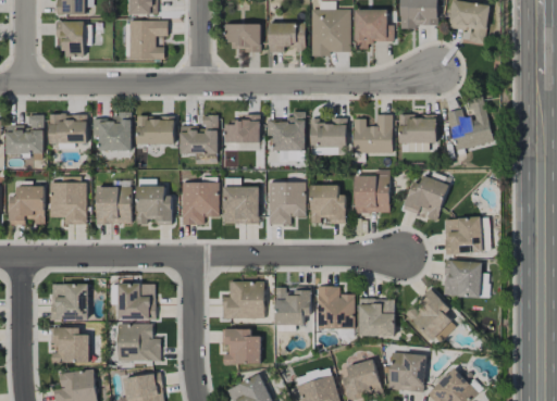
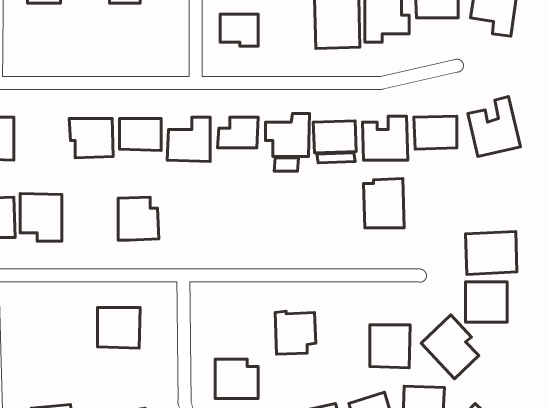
building: [129,21,168,59] -> none
building: [55,22,91,57] -> none
building: [268,23,305,52] -> none
building: [49,114,87,143] -> none
building: [403,175,448,222] -> none
building: [182,183,219,225] -> none
building: [268,183,306,225] -> none
building: [310,185,345,224] -> none
building: [95,187,131,224] -> none
building: [223,187,259,224] -> none
building: [221,281,264,319] -> none
building: [51,284,88,321] -> none
building: [317,286,355,329] -> none
building: [117,324,160,362] -> none
building: [50,327,89,363] -> none

